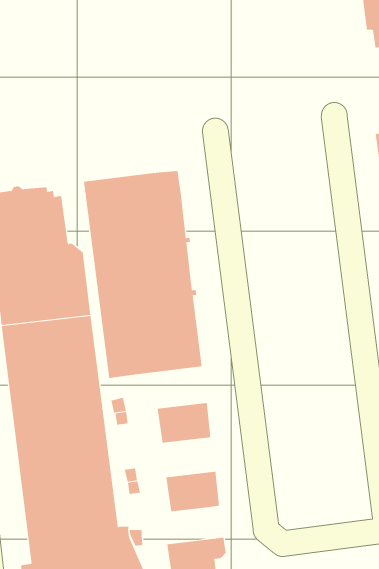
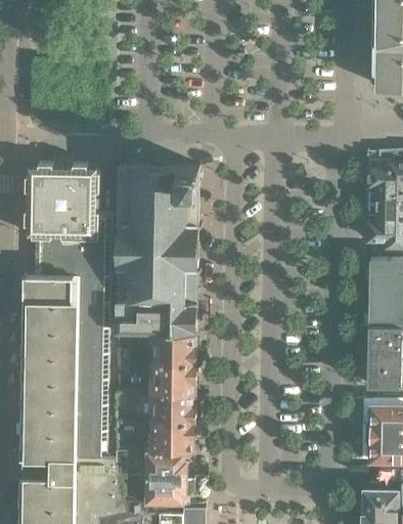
building: none -> [136,332,195,363]
building: none -> [151,392,194,422]
building: none -> [144,450,193,478]

